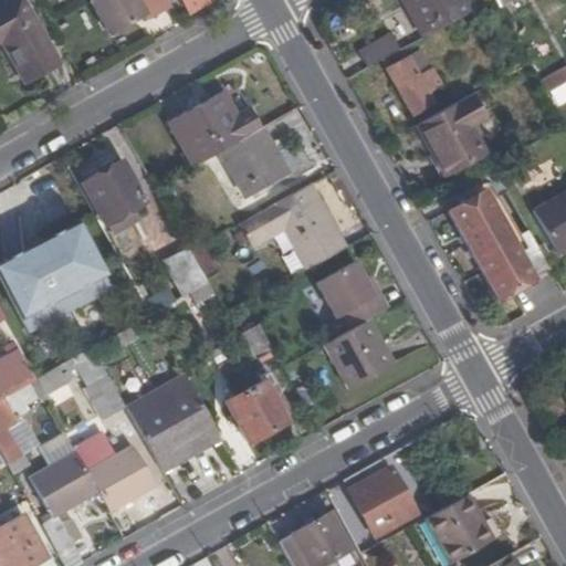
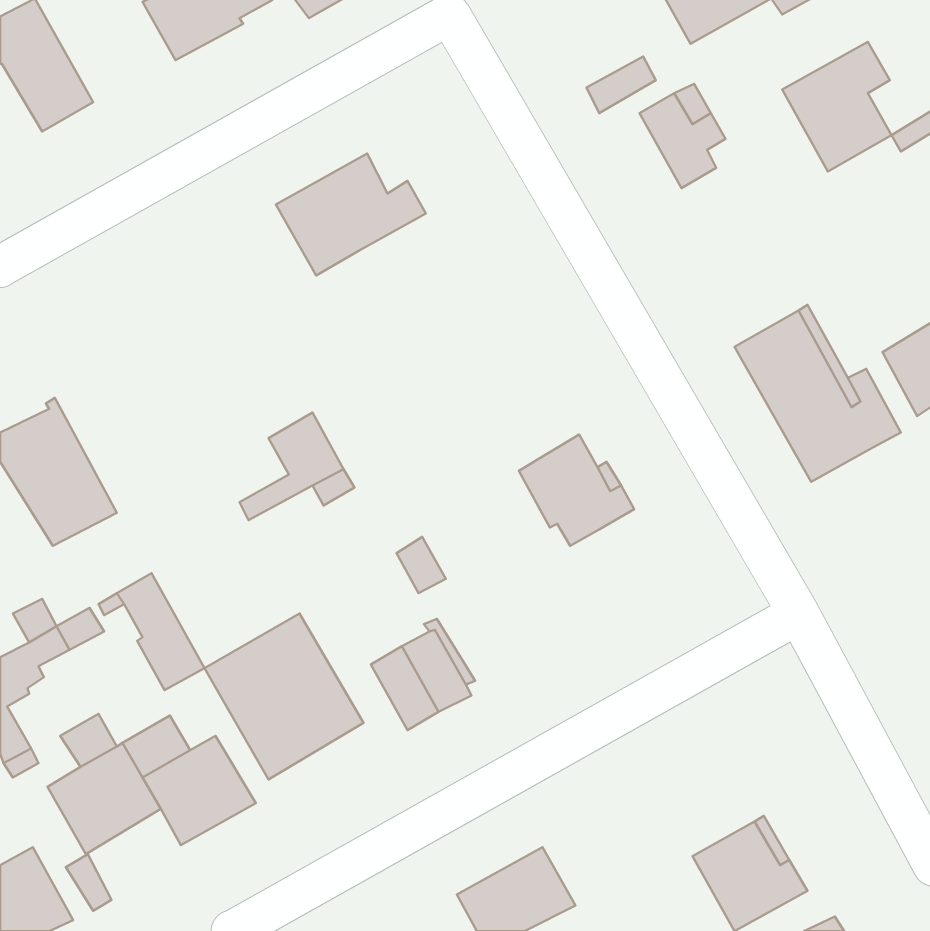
building: [418,96,484,175] -> [782,42,892,172]
building: [220,128,289,199] -> none
building: [83,160,145,224] -> none
building: [239,184,347,270] -> none
building: [35,222,118,311] -> none
building: [323,321,395,388] -> none
building: [347,467,415,536] -> none

